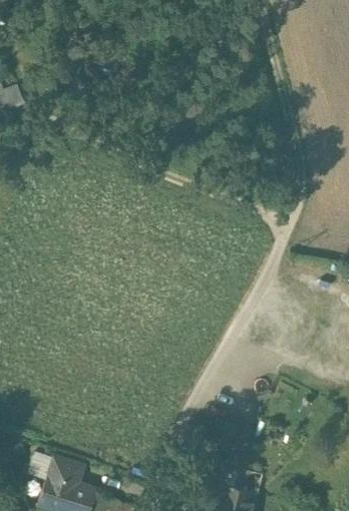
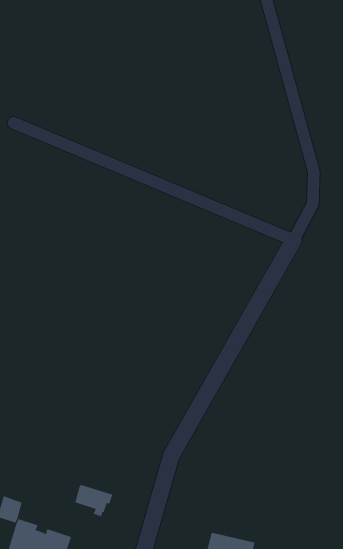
building: [52,461,86,490] -> [74,484,113,517]

